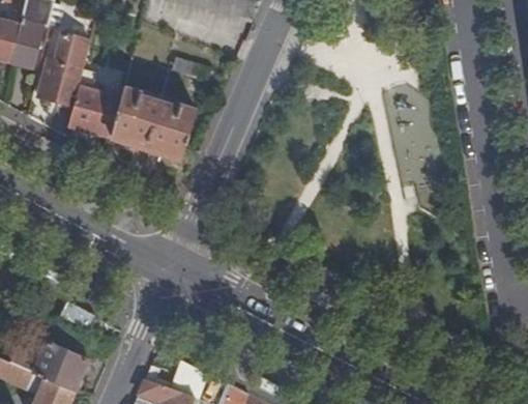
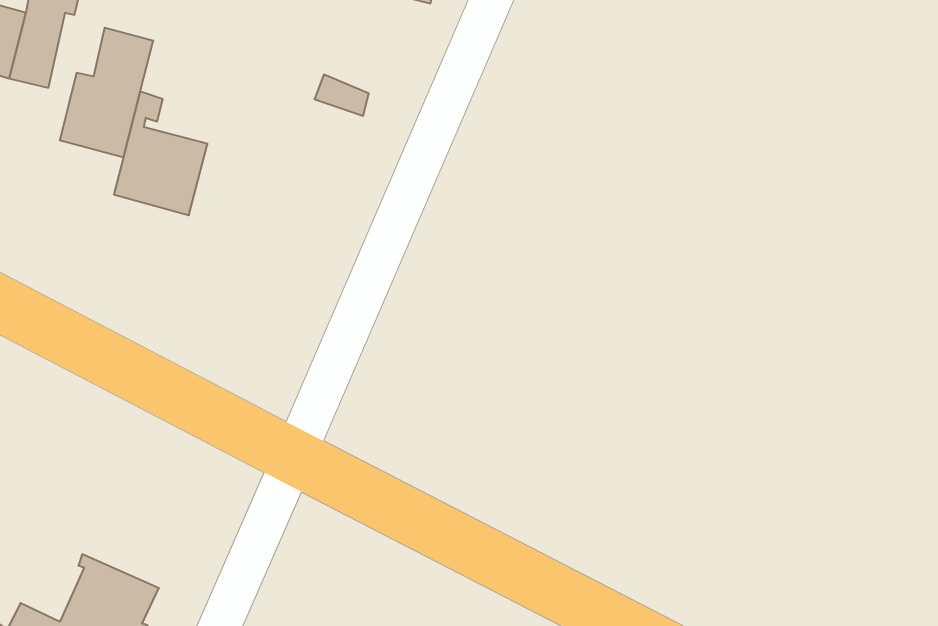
building: [109,87,195,158] -> none

